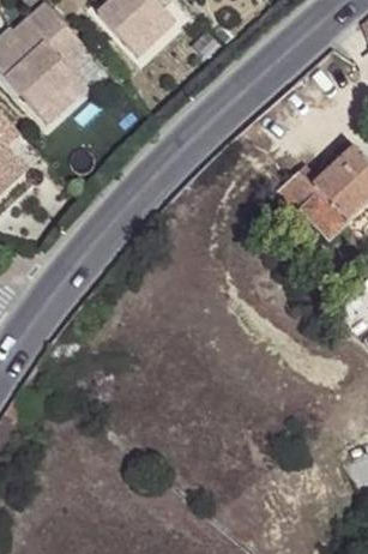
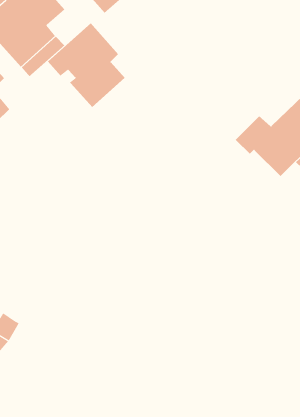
building: none -> [47,23,125,108]

